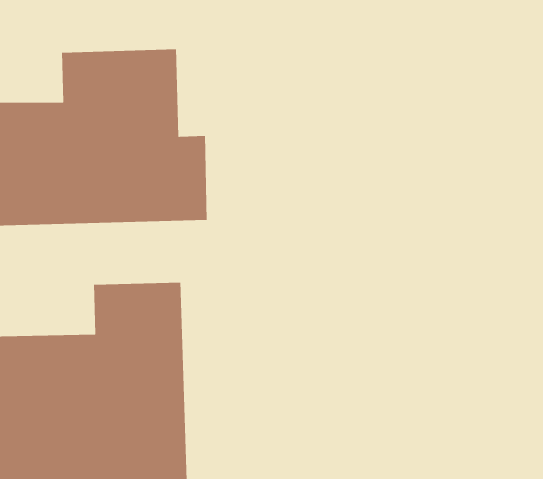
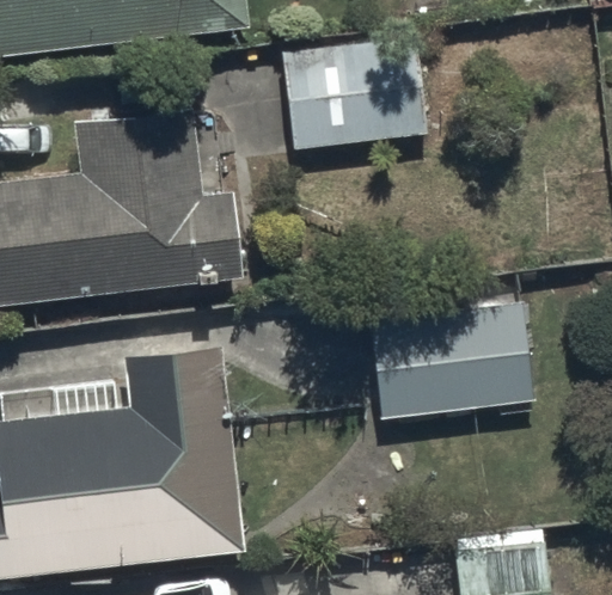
building: none -> [277,41,427,158]
building: none -> [369,303,532,423]

